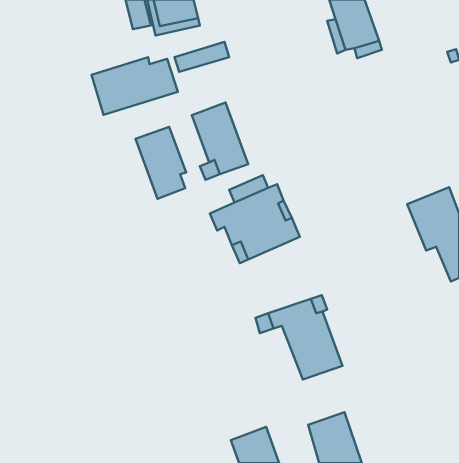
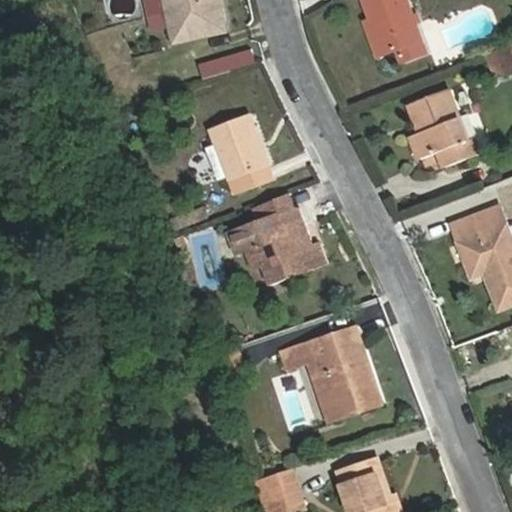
building: [92,57,178,115] -> none
building: none -> [410,93,479,166]
building: [136,127,186,199] -> none

